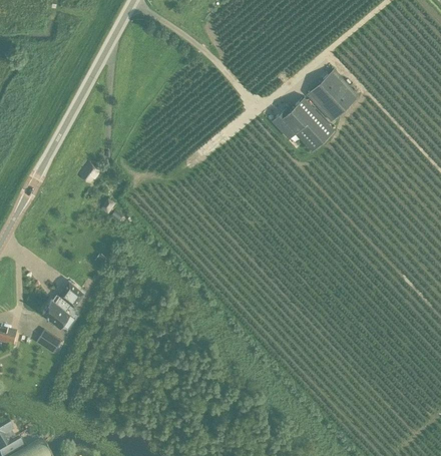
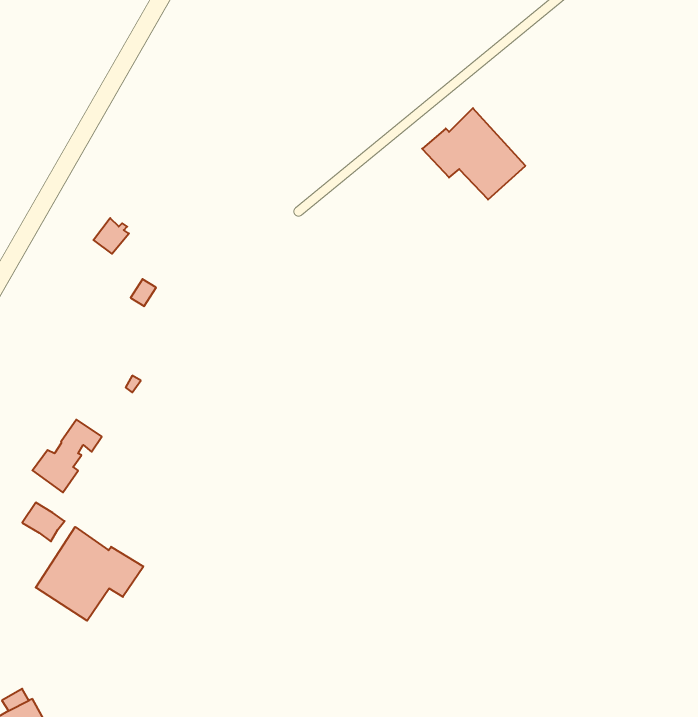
building: [307,68,359,120] -> none
building: none -> [36,527,143,621]

